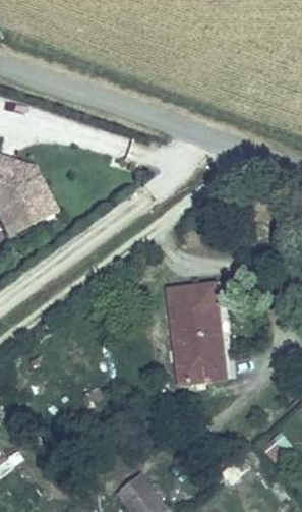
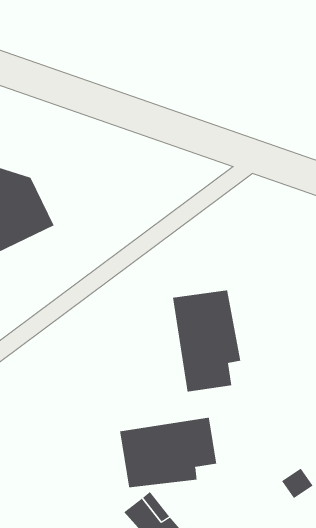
building: none -> [119,417,217,488]

